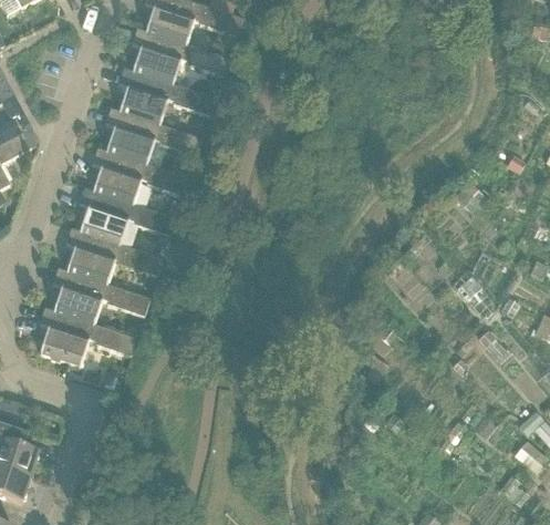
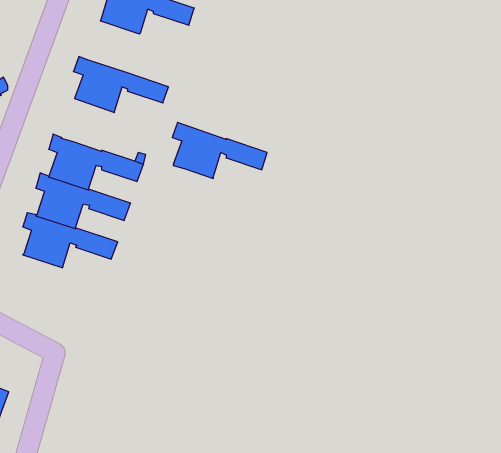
building: [117,66,215,123] -> none
building: [91,146,188,204] -> [172,122,267,178]
building: [39,306,136,364] -> none

